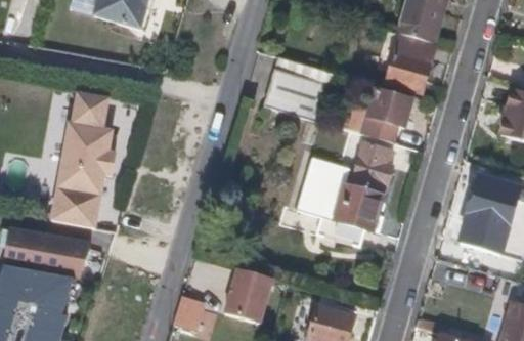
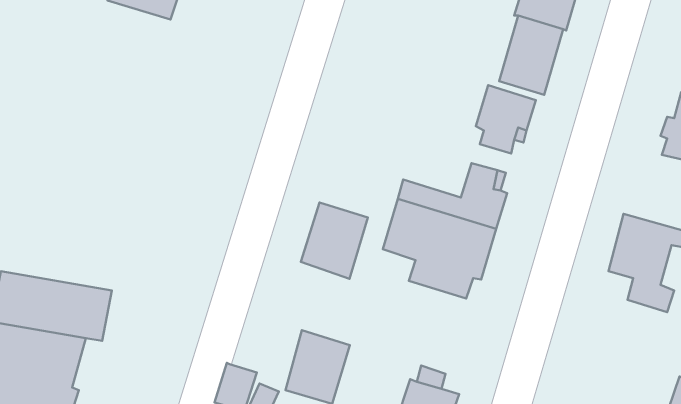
building: [262,54,332,120] -> none
building: [45,98,118,220] -> none
building: none -> [301,203,368,279]

